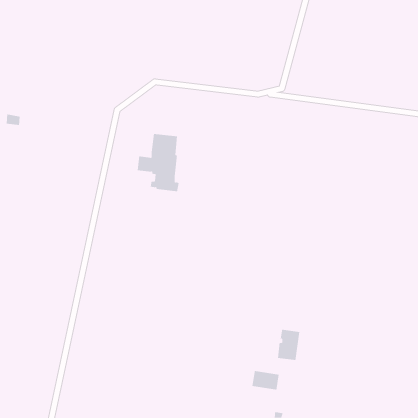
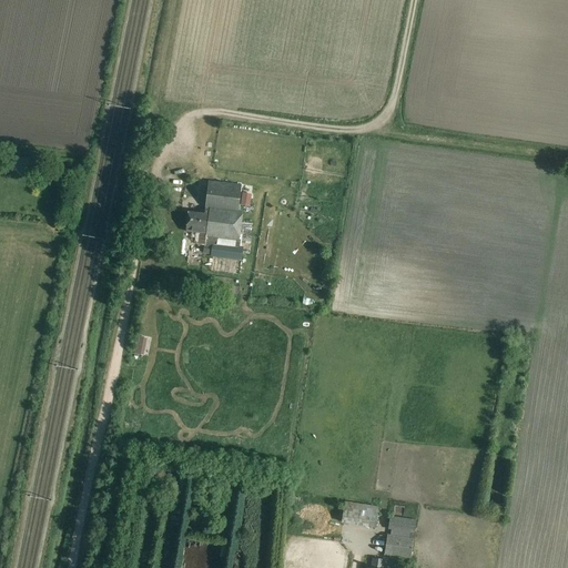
building: [277,329,300,360] -> [385,516,416,558]

